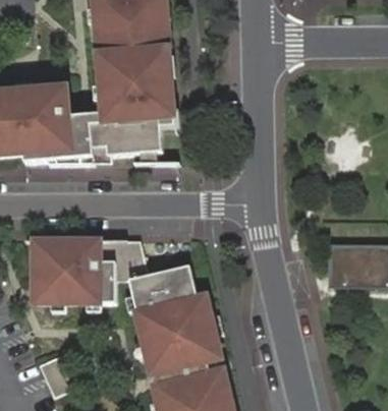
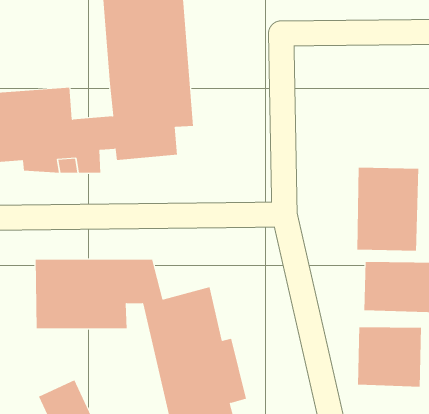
building: none -> [357,167,419,252]
building: none -> [358,326,421,387]

